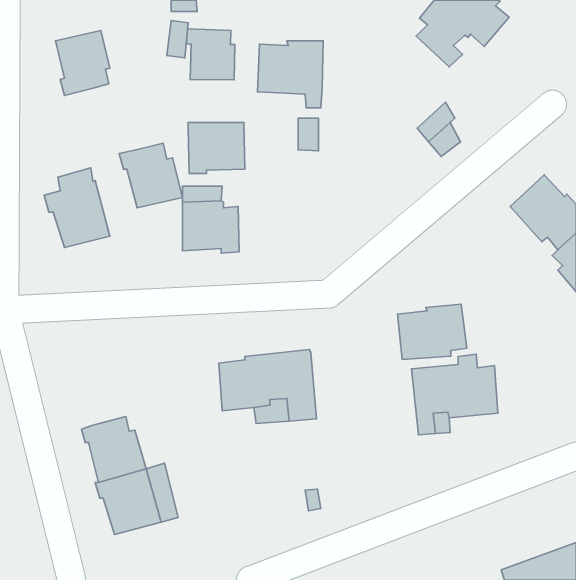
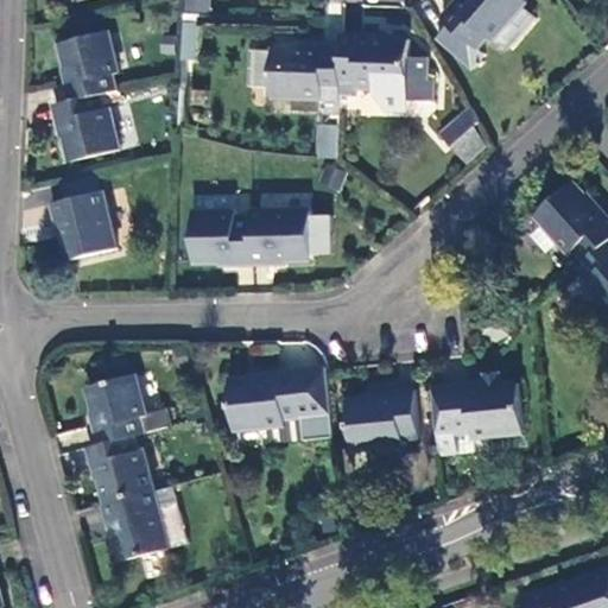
building: [187,29,235,80] -> none
building: none -> [337,31,432,113]
building: [188,123,245,174] -> [249,210,309,264]
building: [119,143,183,208] -> [50,93,116,160]
building: [398,304,467,360] -> [346,390,418,448]
building: none -> [86,373,169,445]

